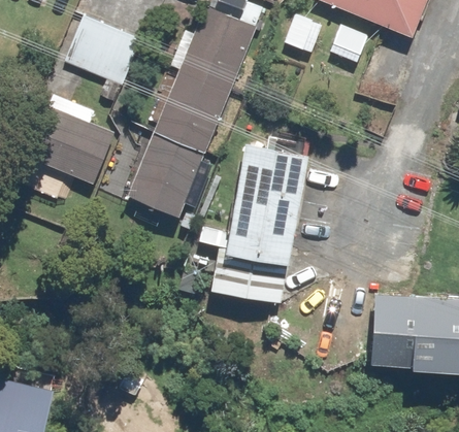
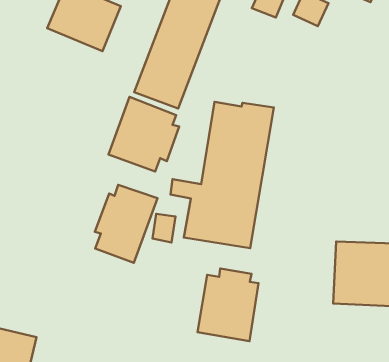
building: [31,108,114,186] -> none
building: none -> [95,185,158,263]
building: none -> [197,268,259,341]

